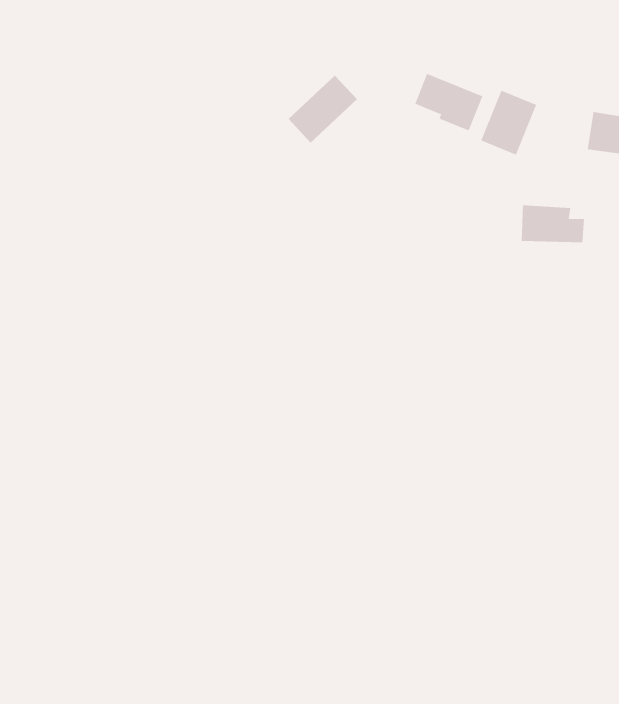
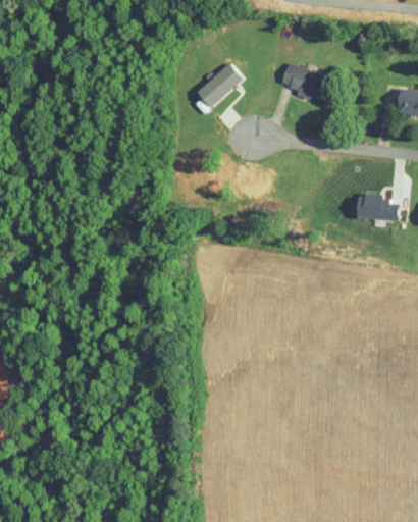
building: [480,90,537,156] -> none
building: [521,205,585,243] -> [356,195,399,220]

